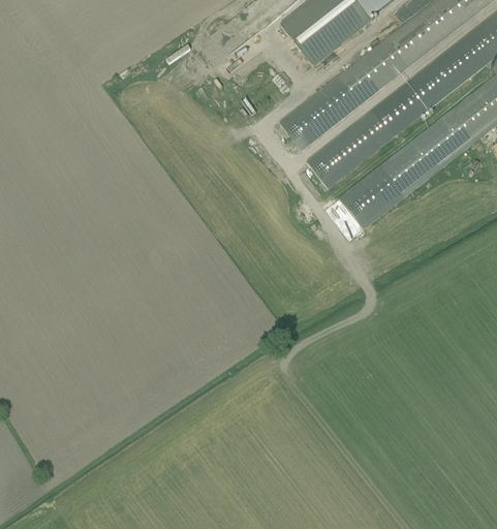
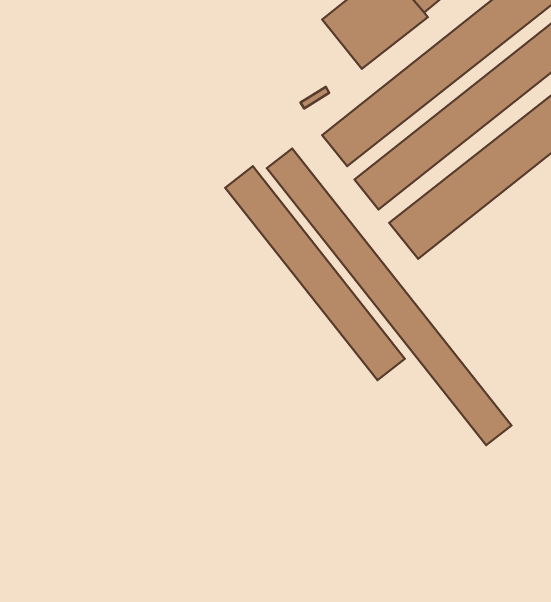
building: none -> [267,148,511,445]
building: none -> [225,166,405,380]

